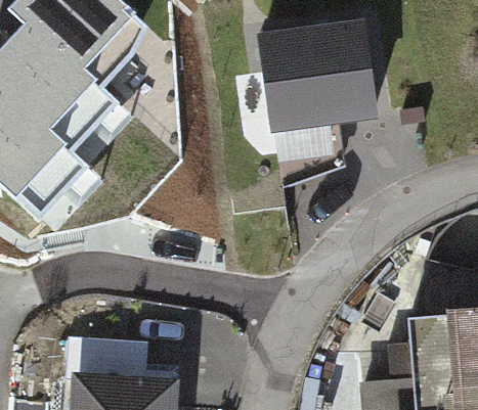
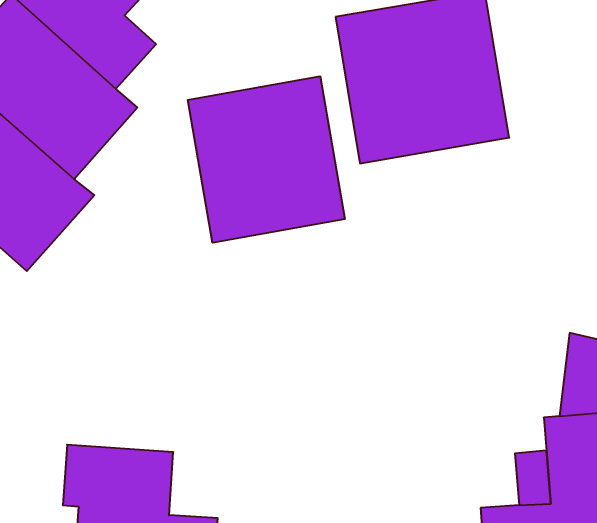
building: none -> [188,76,345,243]

